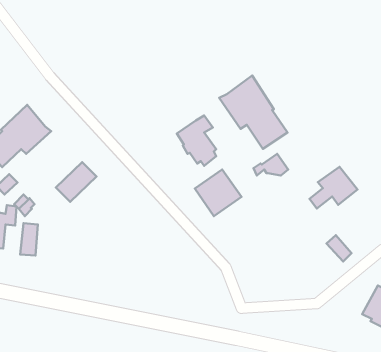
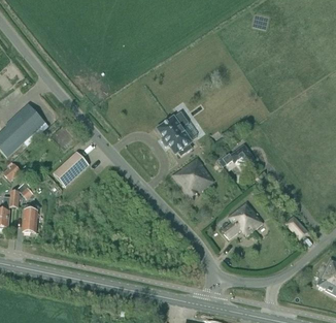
building: [219,75,287,149] -> none
building: [310,167,357,209] -> [222,203,263,239]

